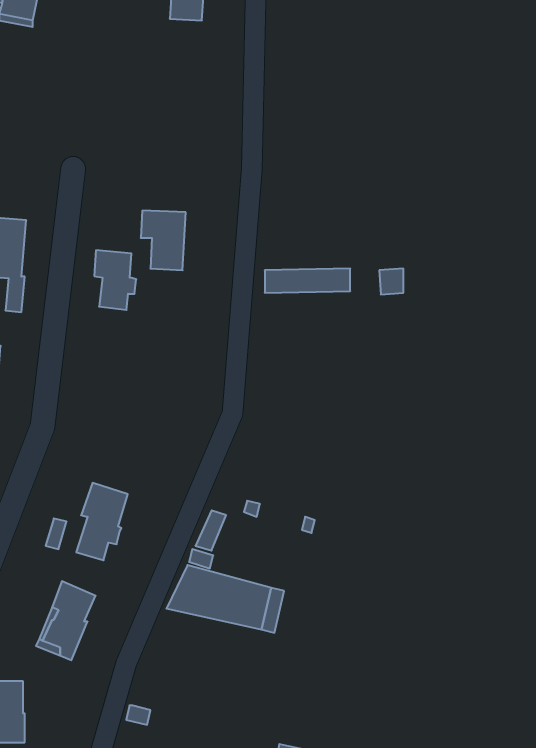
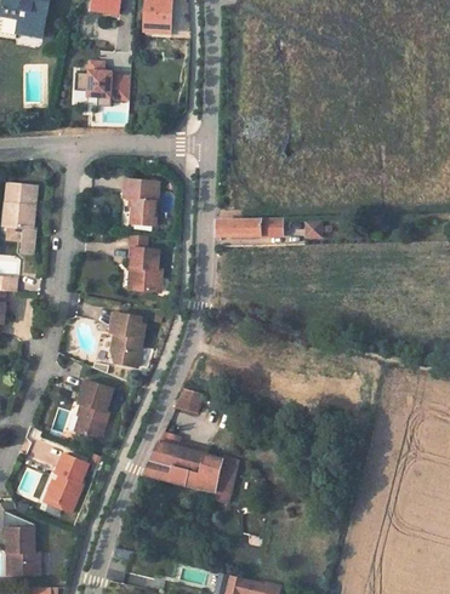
building: none -> [74,63,129,107]
building: [94,250,136,310] -> [131,244,163,289]
building: none -> [109,313,146,367]

